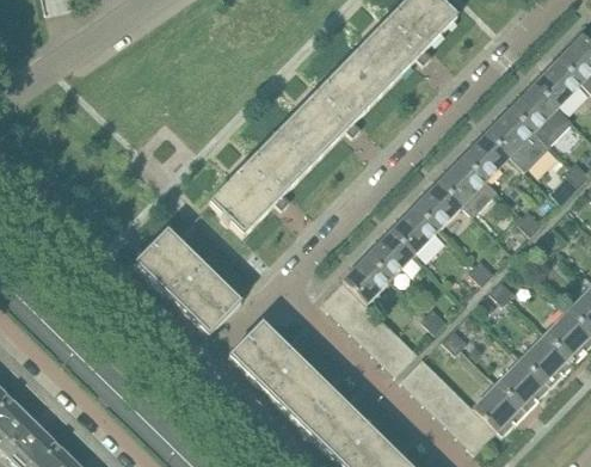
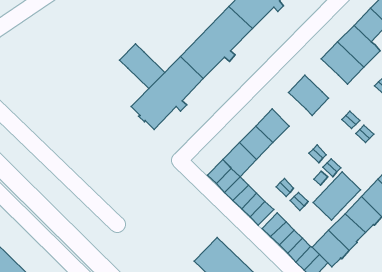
building: none -> [120,44,165,89]
building: [463,130,512,178] -> none
building: [415,179,464,228] -> none
building: [135,227,242,333] -> none
building: none -> [313,172,360,220]
building: [229,319,335,425] -> none

